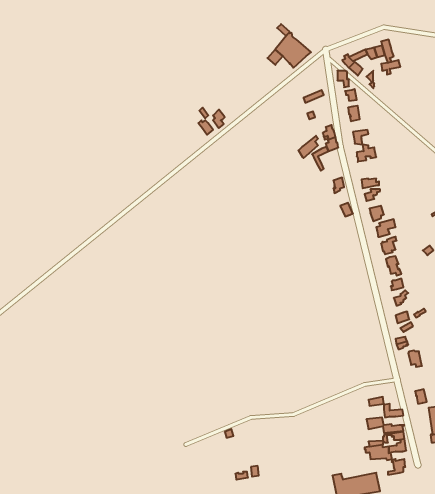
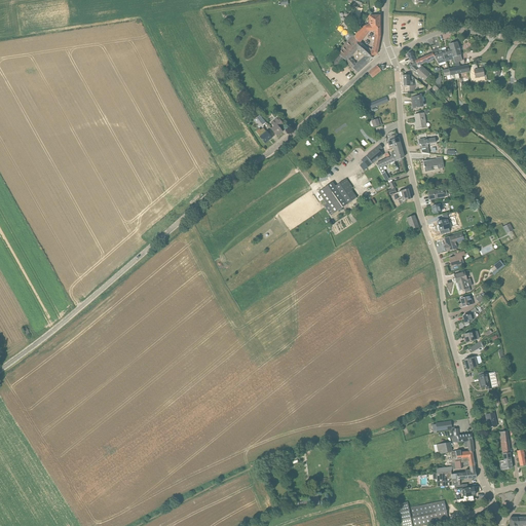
building: none -> [354,14,380,55]
building: none -> [318,178,356,215]

